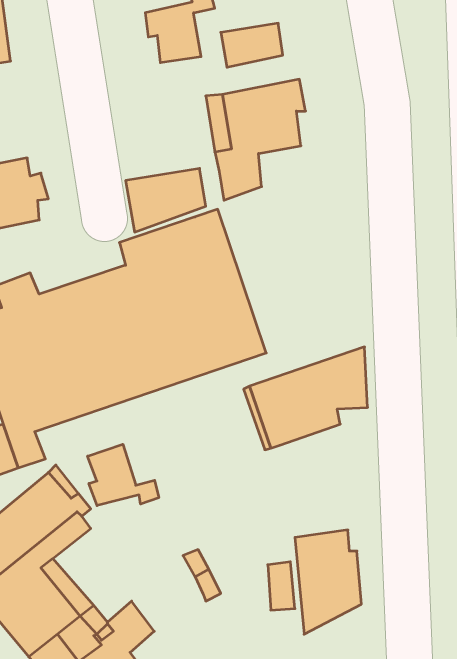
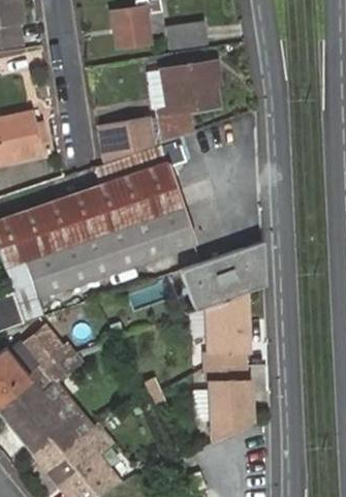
building: none -> [209,293,254,372]
building: [88,444,159,506] -> none

